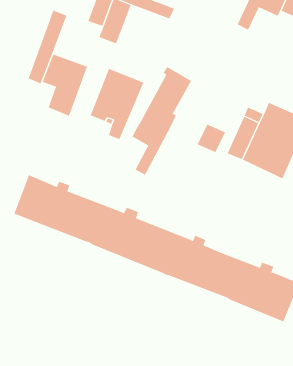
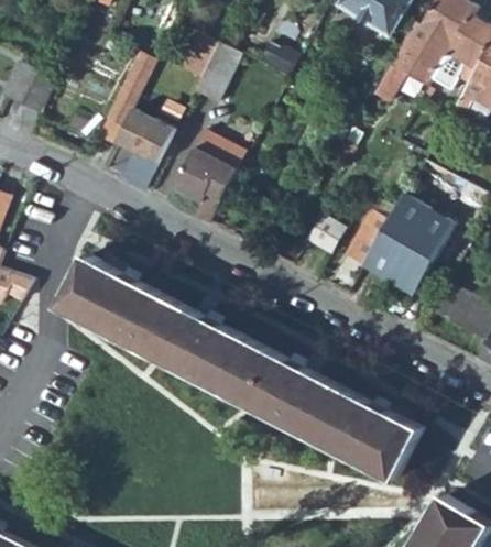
building: [132,66,192,175] -> none

